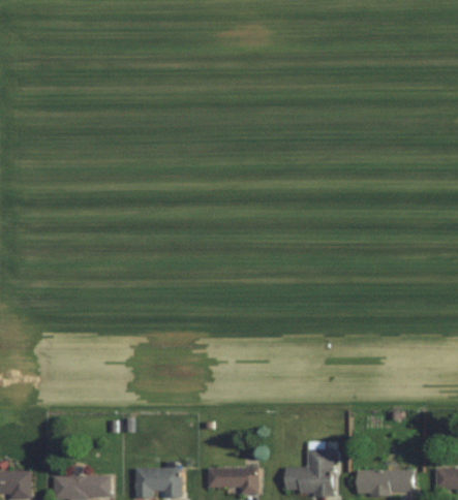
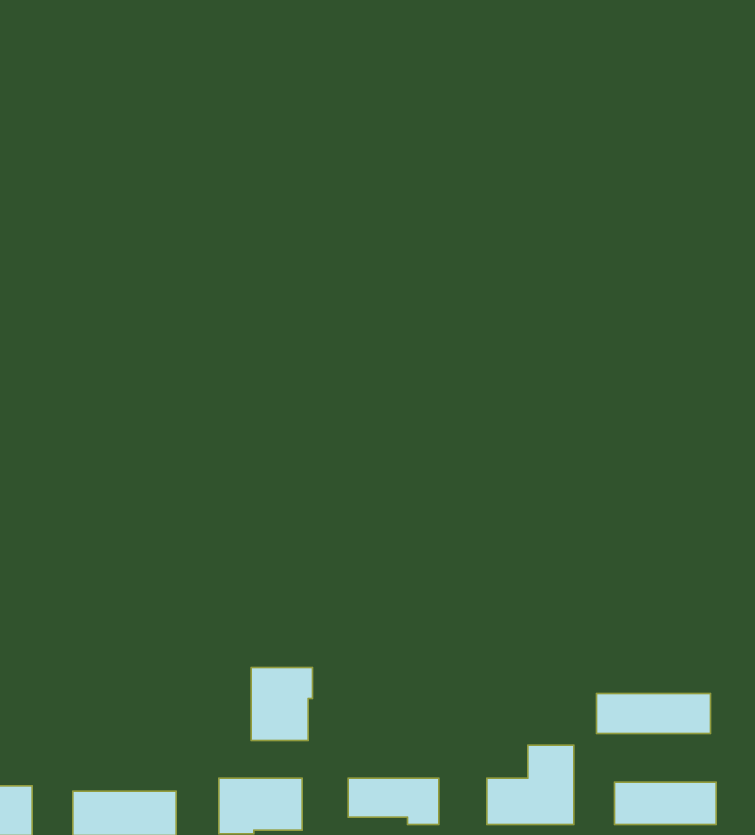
building: none -> [251,668,312,741]
building: none -> [596,693,710,734]

